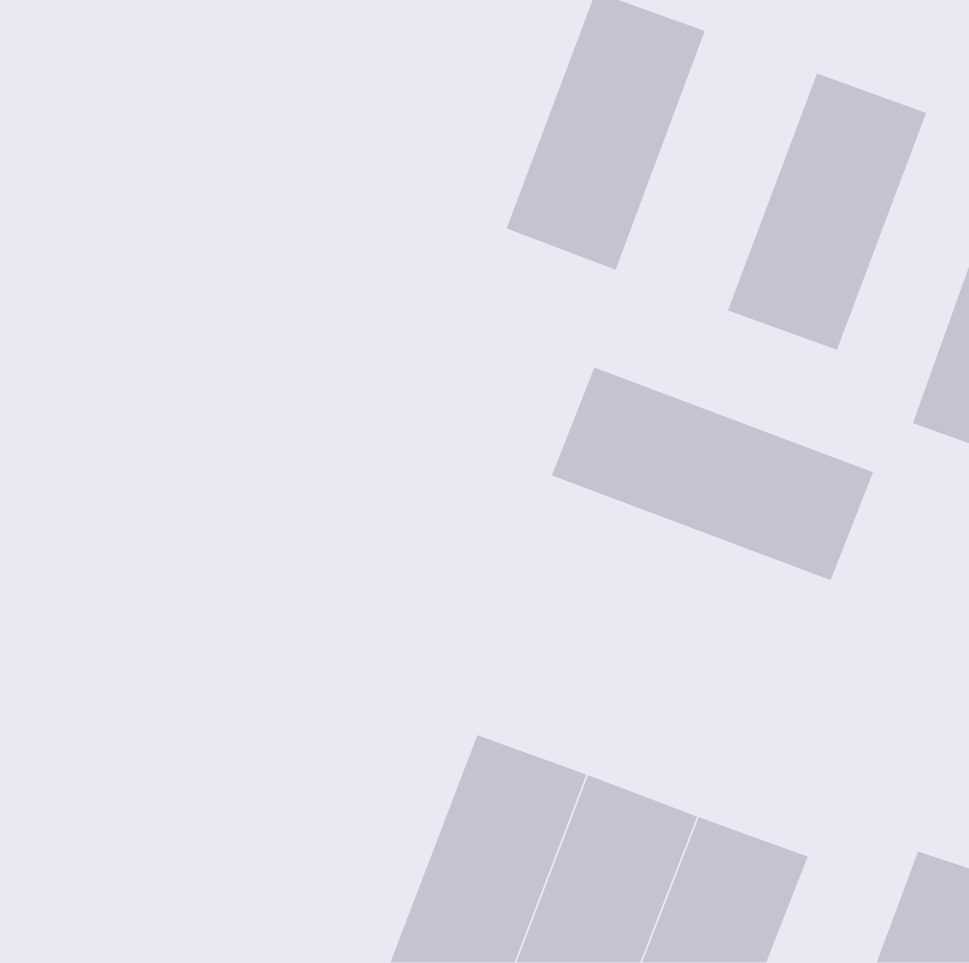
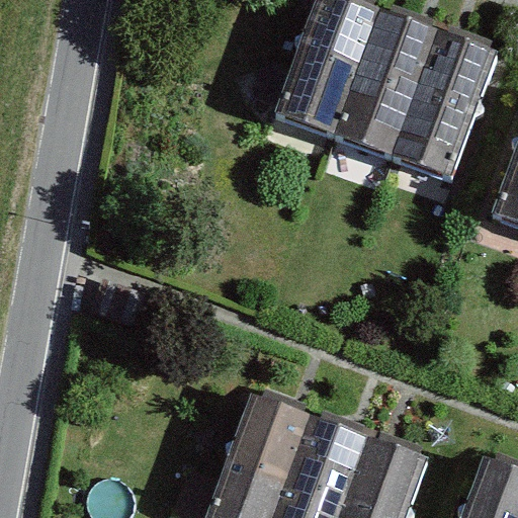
building: none -> [330,16,436,165]
building: [551,366,874,581] -> none

